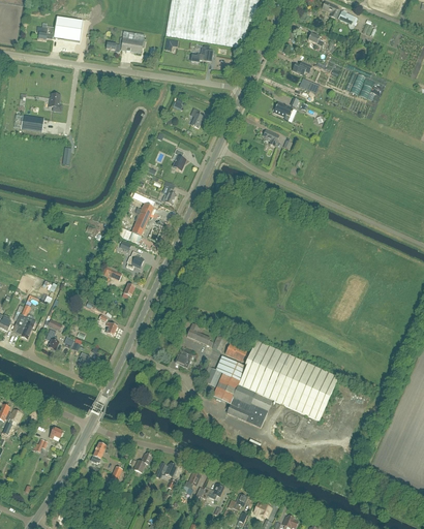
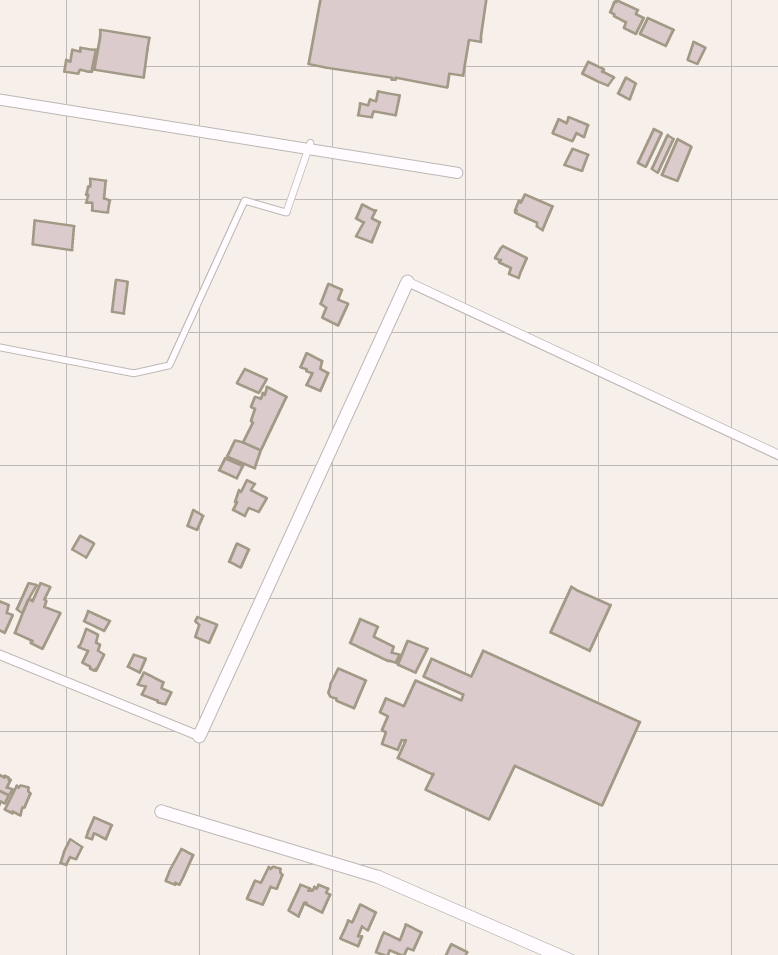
building: [105,31,146,54] -> none
building: none -> [551,587,611,651]

